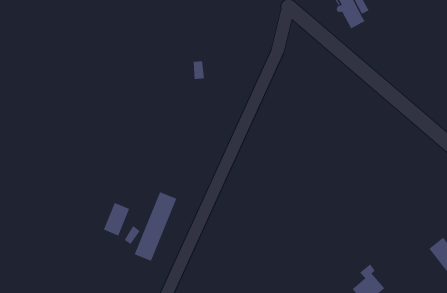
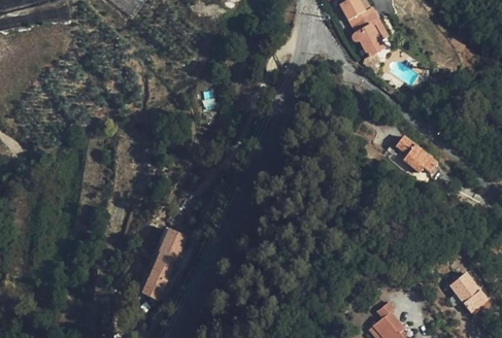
building: none -> [395,136,437,172]
building: [103,202,130,236] -> none

